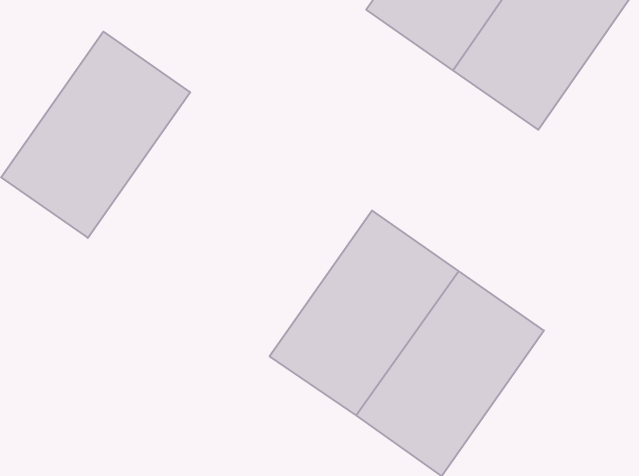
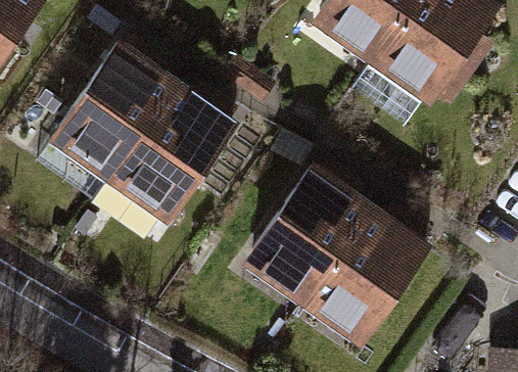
building: none -> [109,81,242,226]

